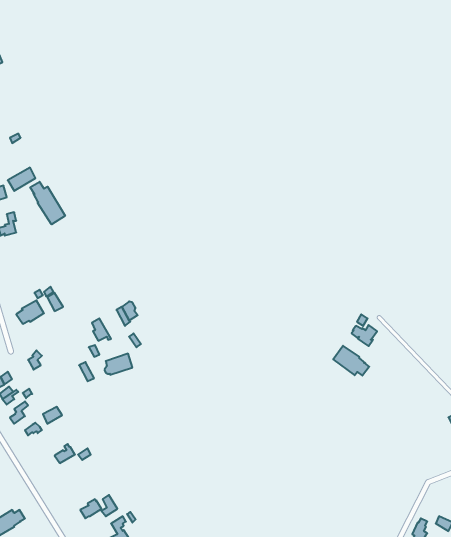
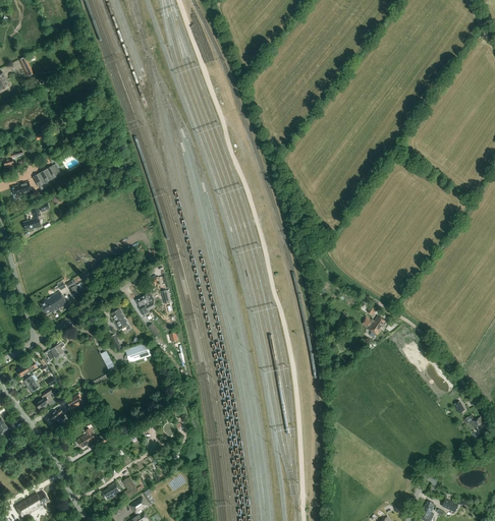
building: [30,182,65,224] -> none
building: [333,346,369,376] -> none

